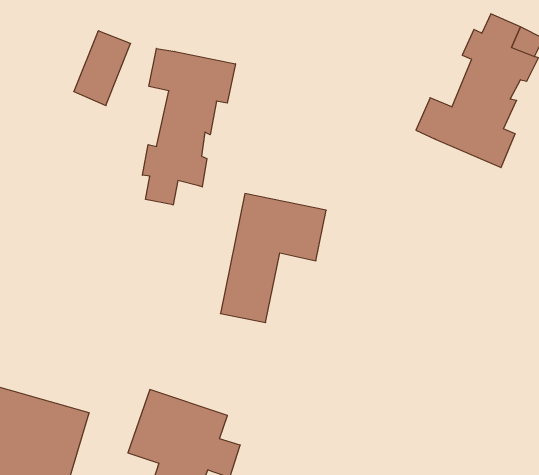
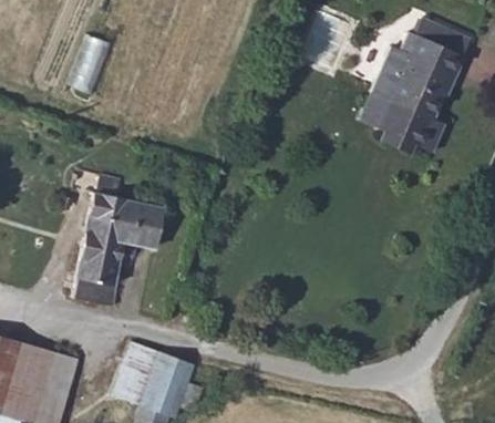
building: [142,48,235,205] -> none
building: [220,194,326,323] -> [71,192,162,302]

